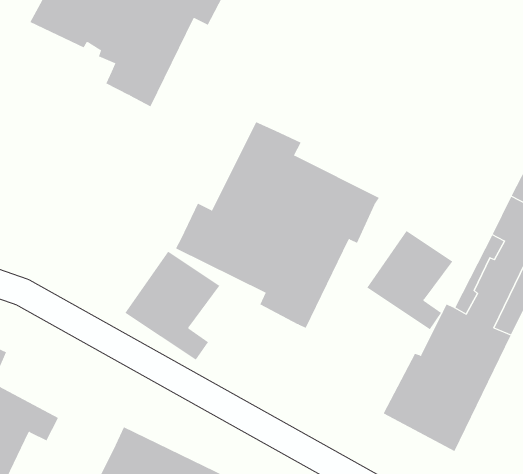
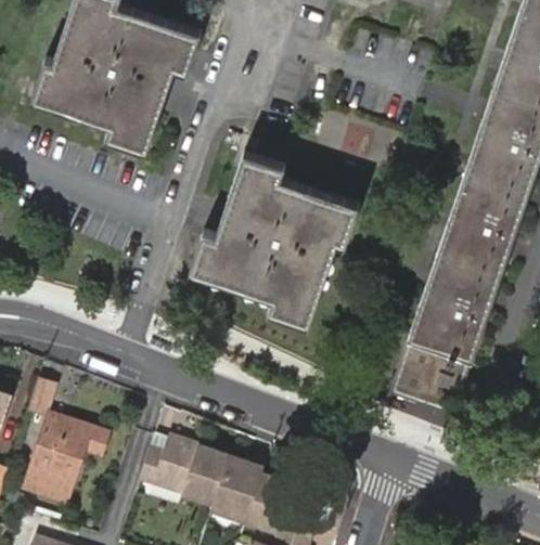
building: [366,230,453,330] -> none
building: [125,251,220,361] -> none

